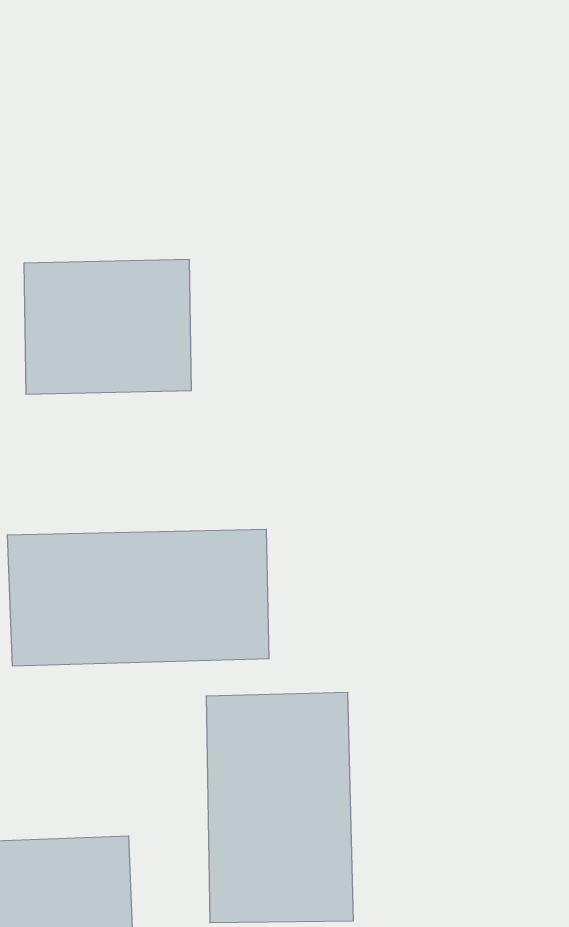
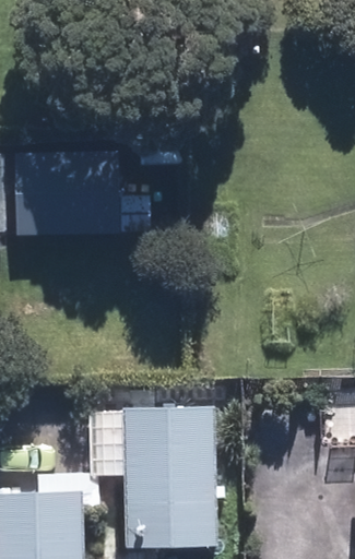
building: [8,529,269,666] -> none

